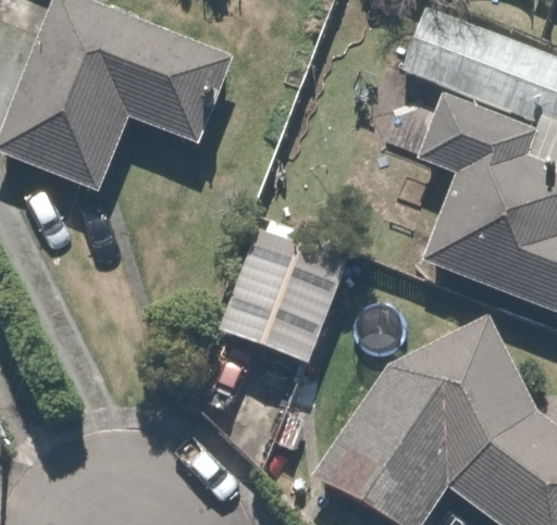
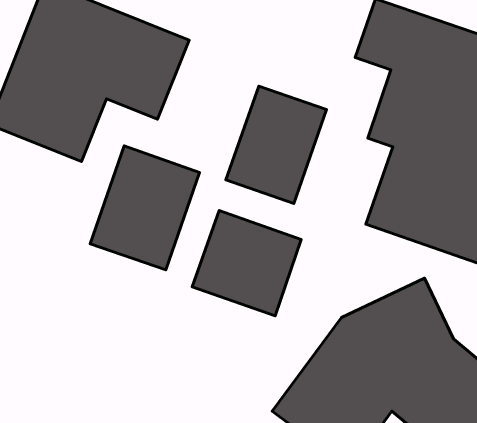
building: none -> [226,86,326,204]
building: none -> [90,146,200,270]

